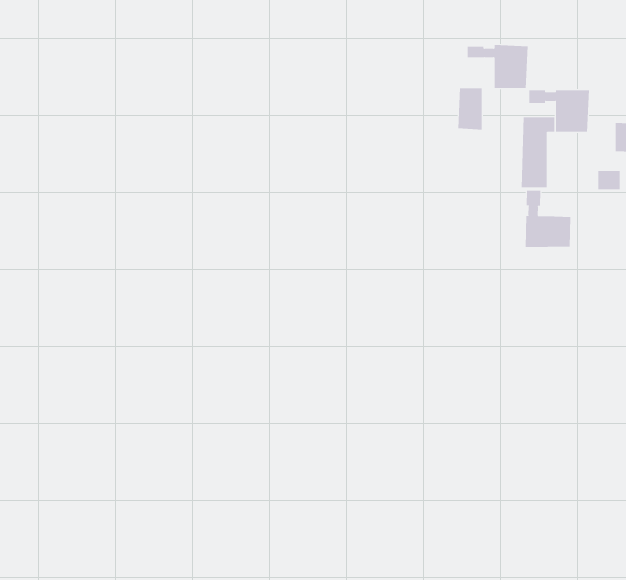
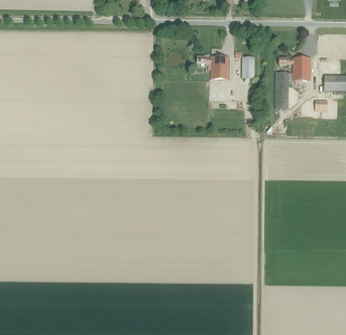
building: [467,44,528,89] -> [197,55,229,79]
building: [525,190,571,248] -> none

